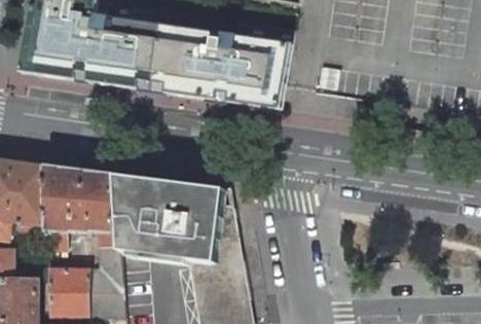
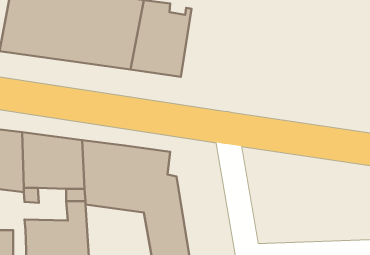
building: [231,22,294,108] -> none

